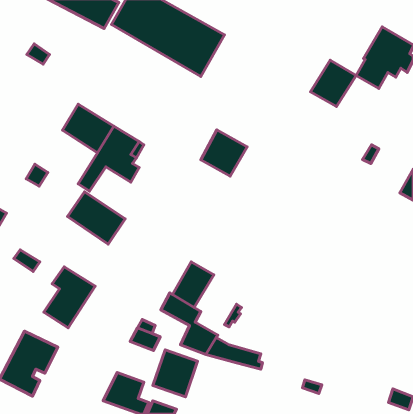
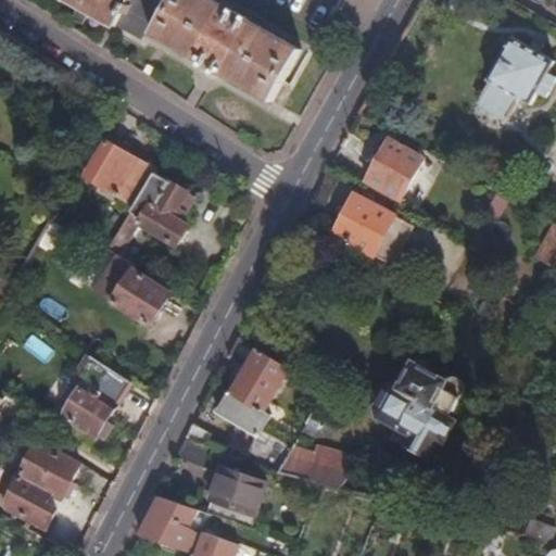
building: [311,60,356,107] -> [364,139,425,201]
building: [201,130,247,176] -> [330,193,392,255]
building: none -> [372,364,463,457]

